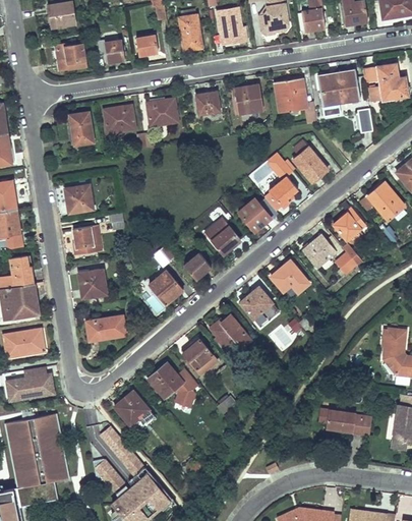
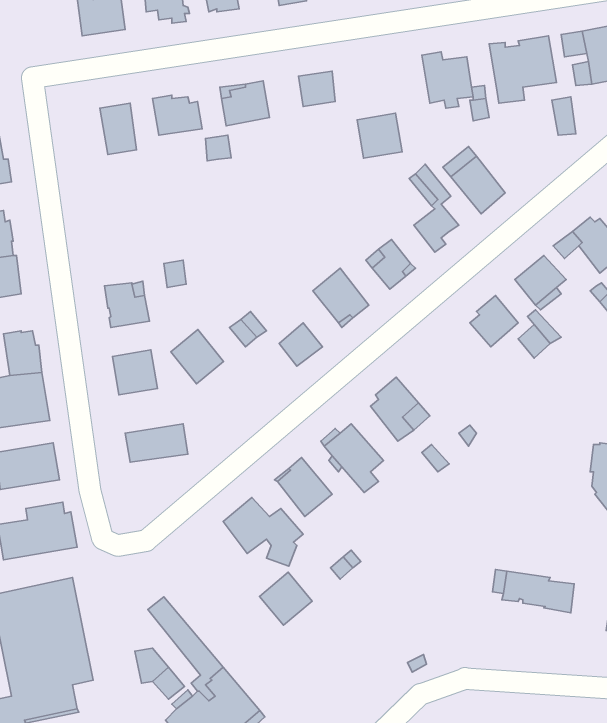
building: [235,84,263,113] -> [357,113,402,158]
building: [65,184,94,213] -> none
building: [271,259,309,292] -> none
building: [150,270,183,304] -> [171,329,224,384]
building: [115,391,149,424] -> [259,572,312,625]

